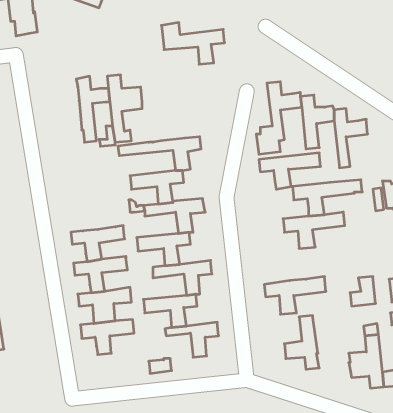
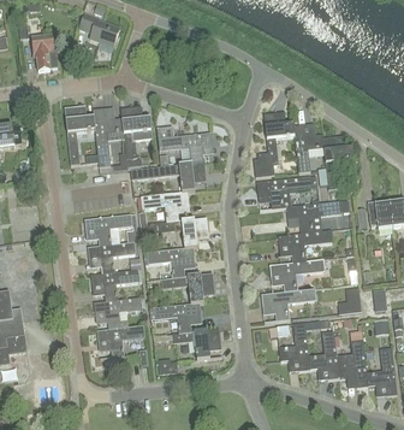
building: [161,23,225,64] -> [156,125,213,163]
building: none -> [64,106,95,164]
building: none -> [84,213,132,246]
building: none -> [269,258,325,290]
building: none -> [308,330,339,378]

